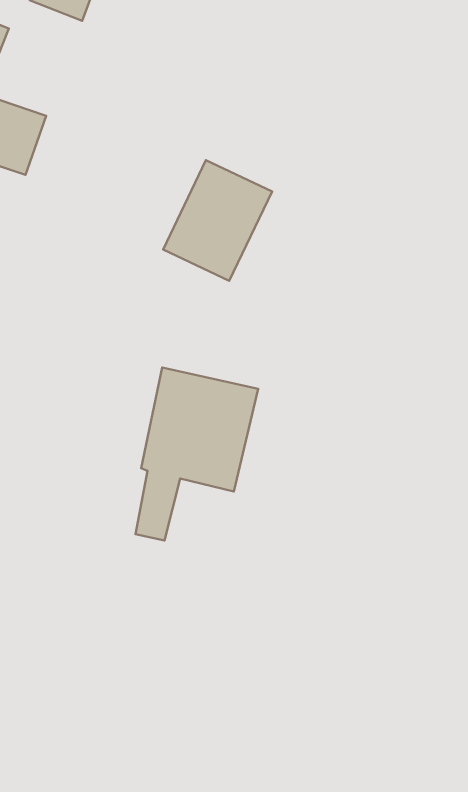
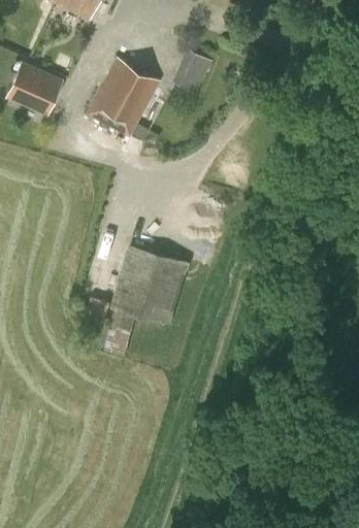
building: none -> [171,47,211,93]
building: [163,160,272,281] -> [88,58,160,136]

